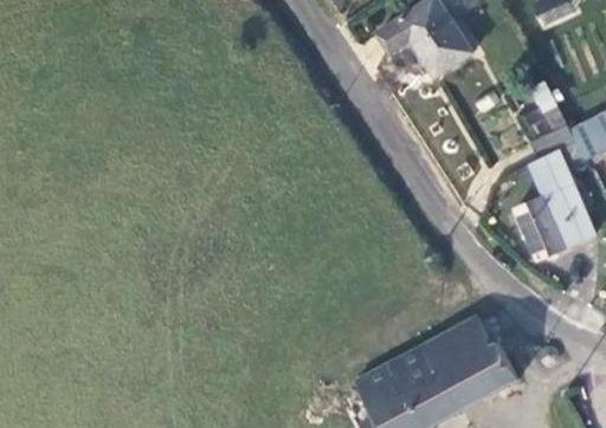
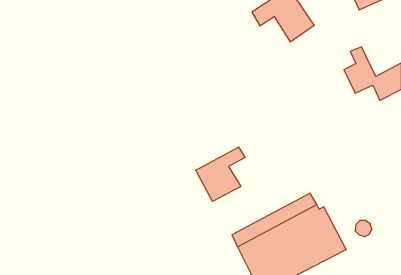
building: [516,154,592,259] -> none
building: none -> [196,147,245,201]

